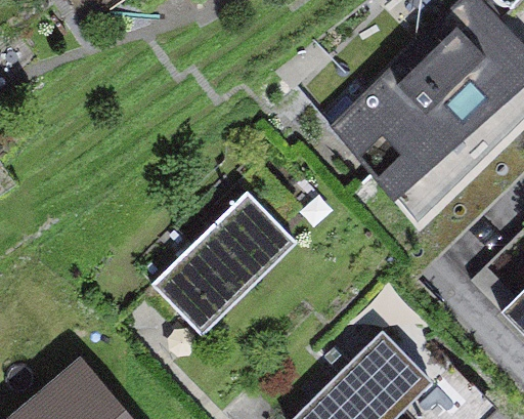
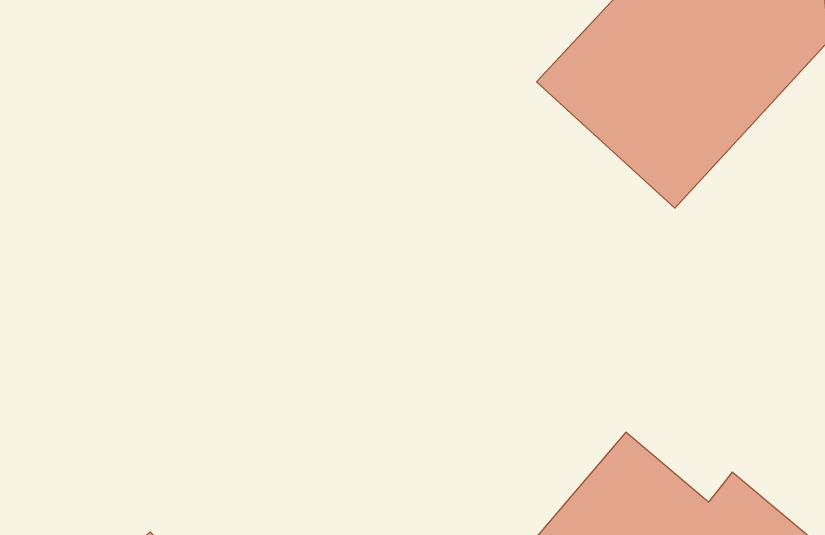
building: [161,199,304,340] -> none

